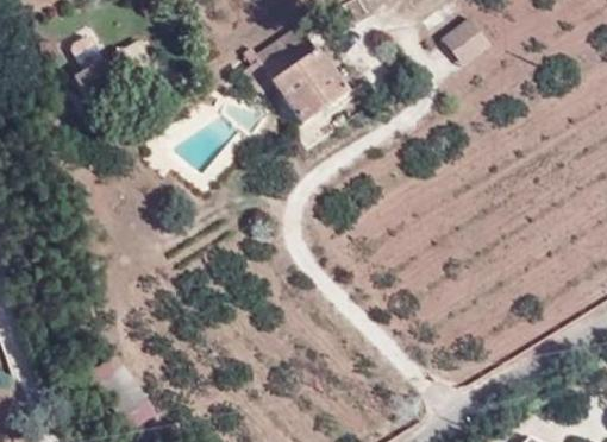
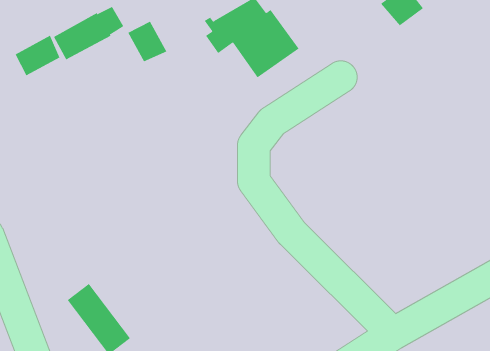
building: none -> [127,21,167,62]
building: none -> [15,35,60,76]

